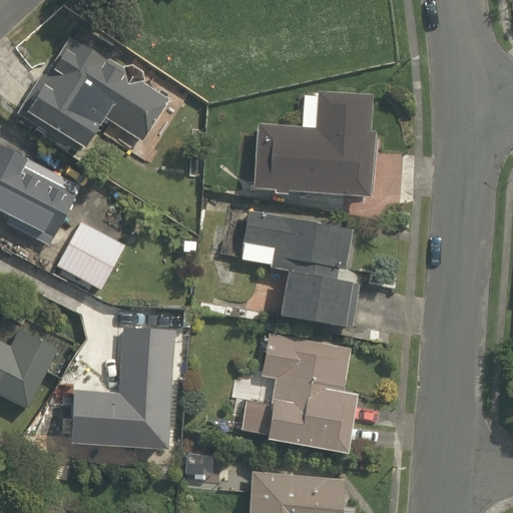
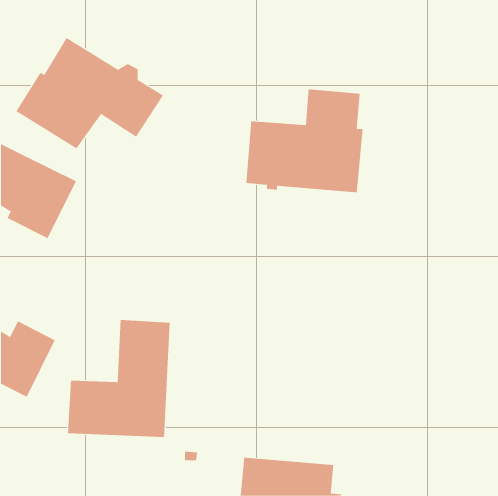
building: [242,210,359,328] -> none
building: [56,221,123,290] -> none
building: [241,333,356,454] -> none

